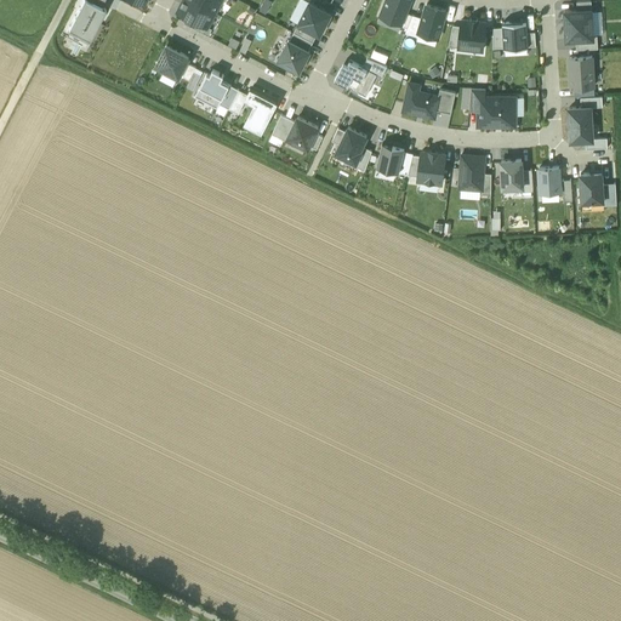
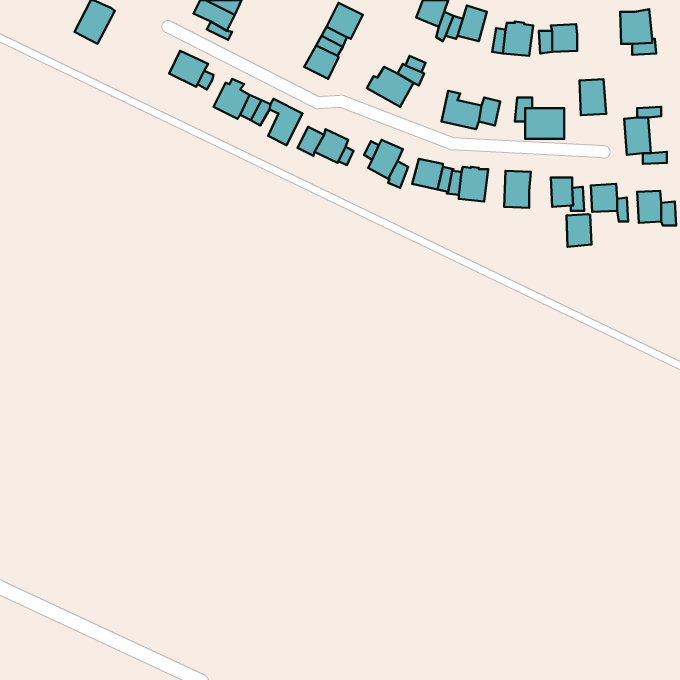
building: [569,57,593,90] -> [580,79,606,115]
building: none -> [566,214,591,247]

